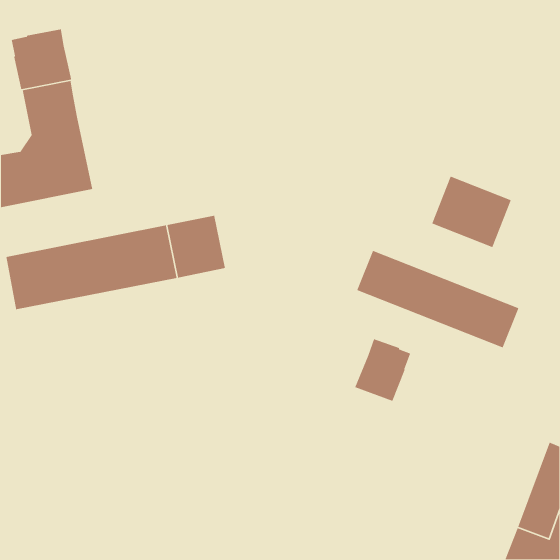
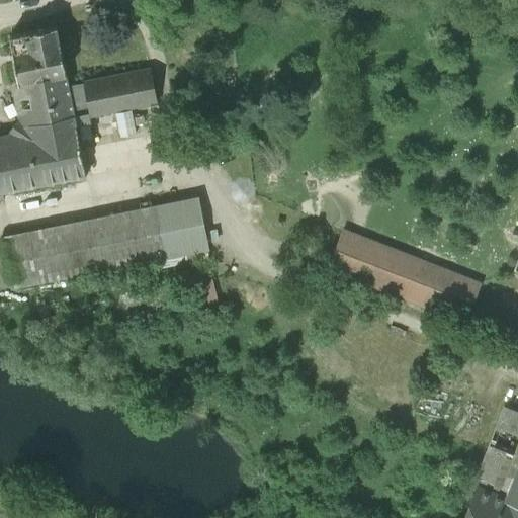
building: none -> [68,69,158,115]
building: [431,176,512,248] -> none
building: [354,338,411,403] -> none

